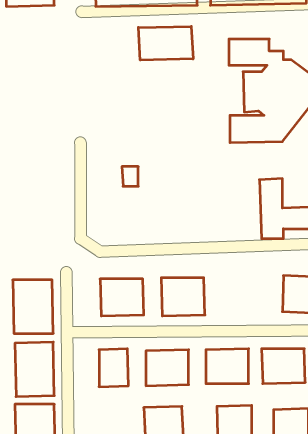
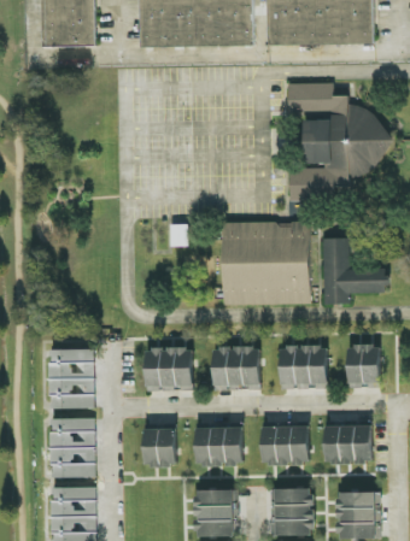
building: [138,26,193,60] -> none
building: none -> [222,222,310,305]
building: none -> [279,346,327,388]

